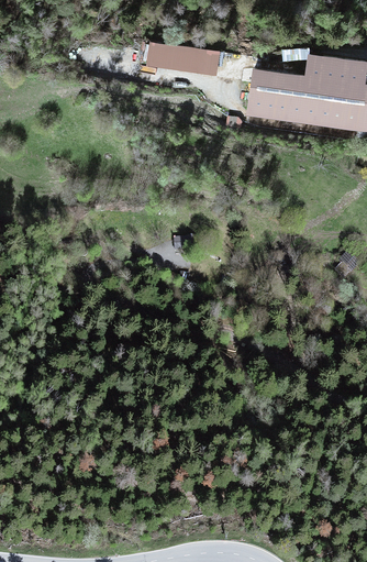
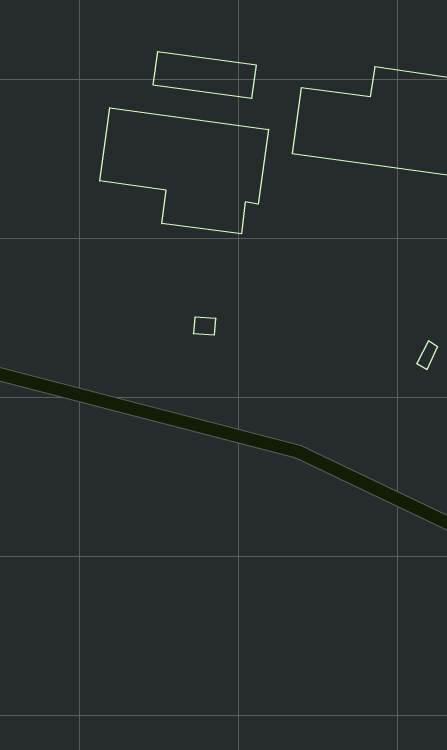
building: none -> [100,108,269,234]

